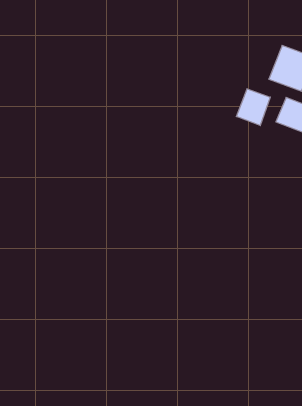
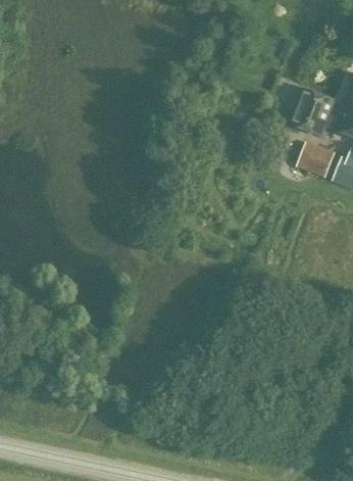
building: [236,89,270,126] -> none

